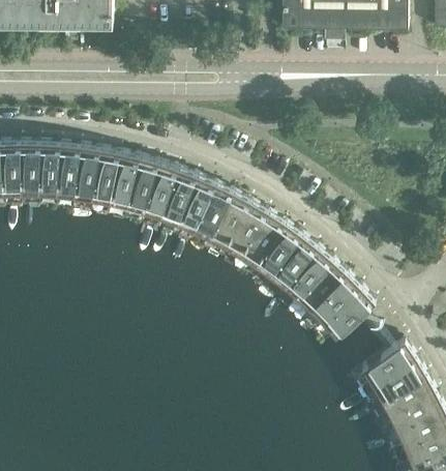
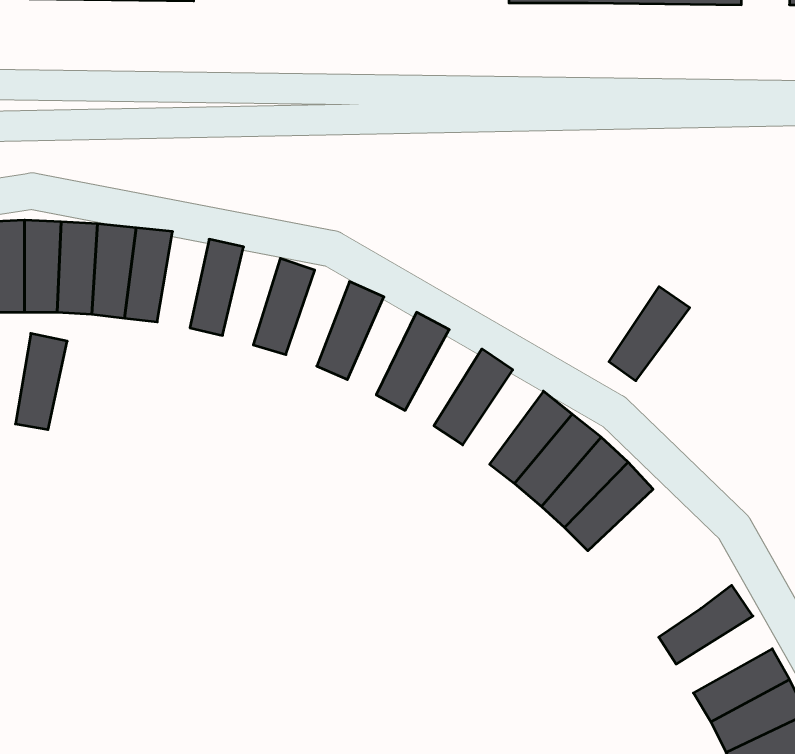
building: [92,150,120,202] -> [15,333,67,430]
building: [127,158,158,211] -> none
building: [161,171,196,223] -> none
building: [195,185,232,238] -> none
building: [226,203,267,255] -> none
building: [257,225,300,275] -> [609,287,690,381]
building: [324,289,373,335] -> none
building: [371,357,423,399] -> none

